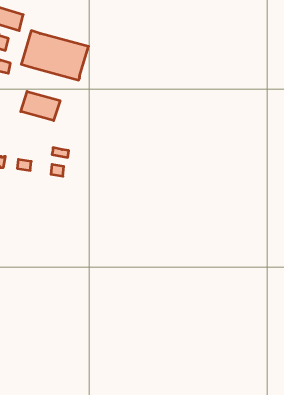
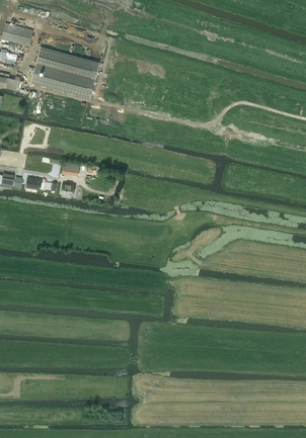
building: [21,91,60,121] -> none

